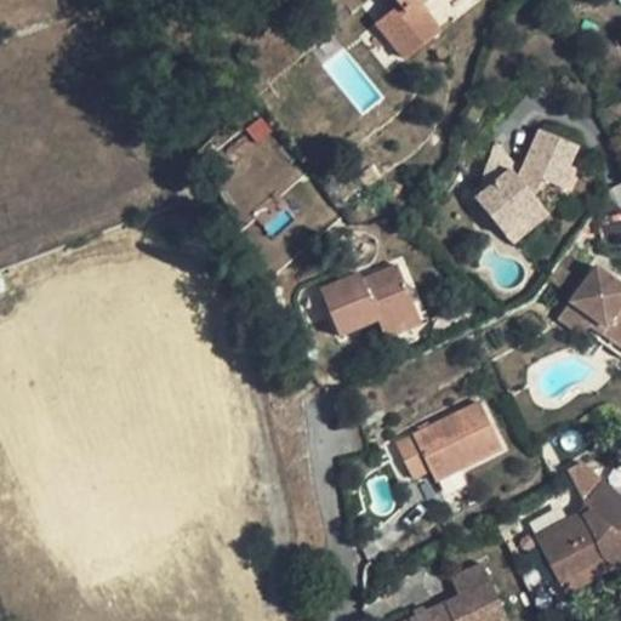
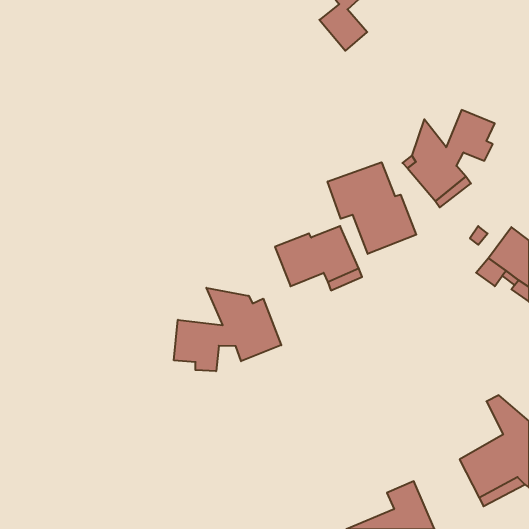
building: none -> [328,162,416,254]
building: none -> [174,288,281,371]
building: [397,401,502,480] -> none

